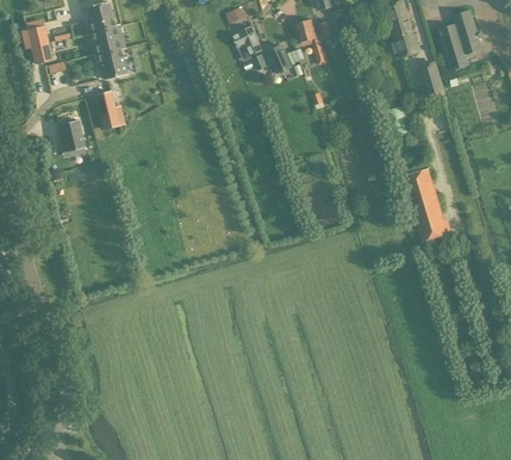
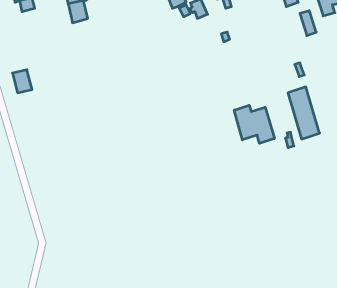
building: [94,91,119,129] -> none
building: [57,119,85,151] -> [12,70,32,93]
building: none -> [234,105,274,143]

